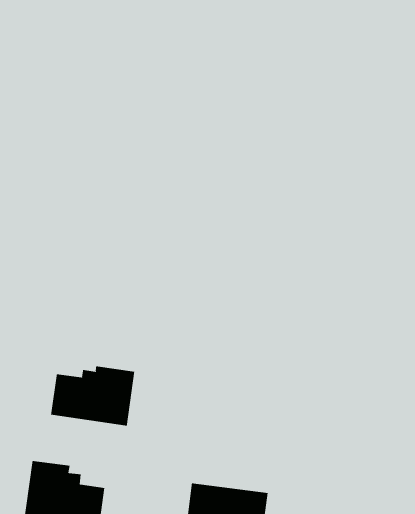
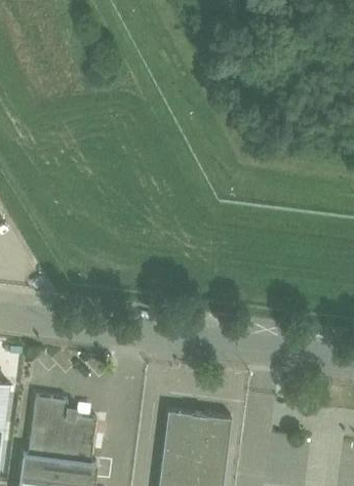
building: [51,365,135,426] -> none

